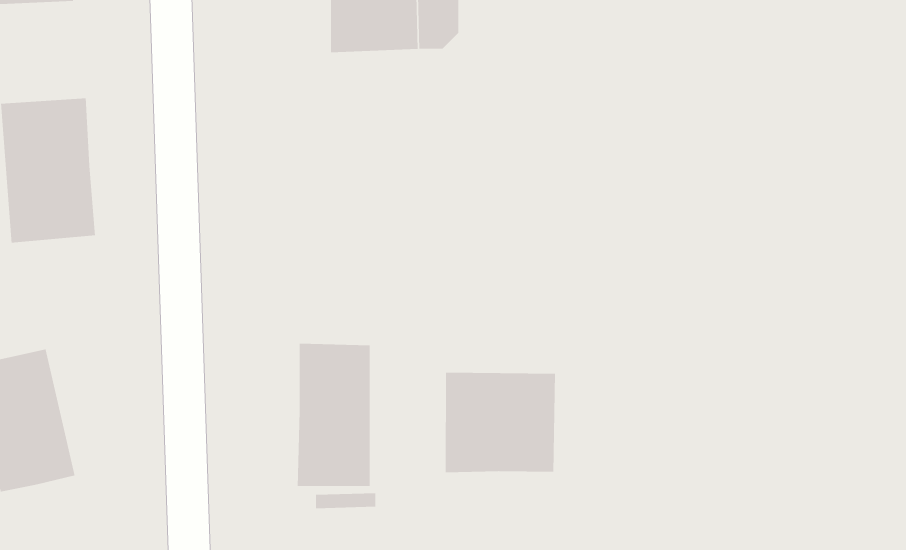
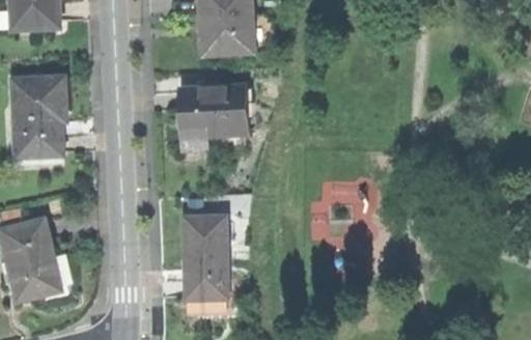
building: none -> [179,90,248,152]
building: [445,372,556,473] -> none

